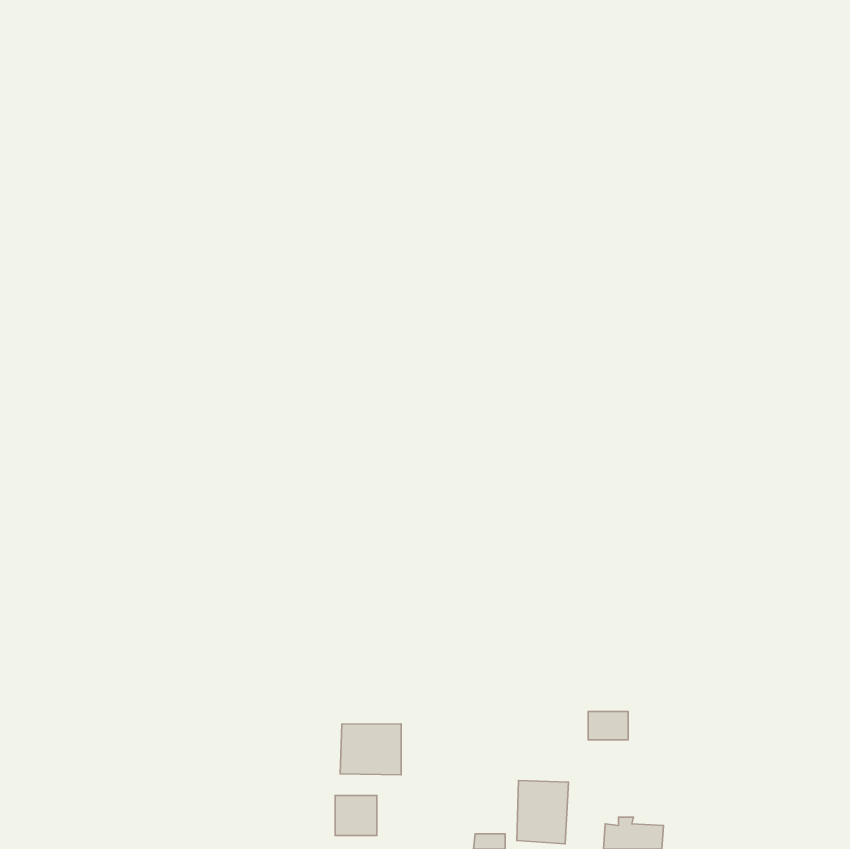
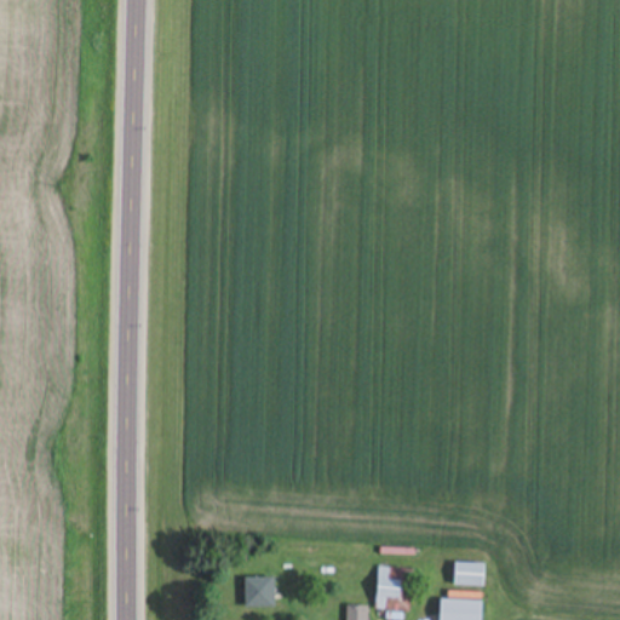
building: [588,712,628,740] -> [454,564,483,585]
building: [340,724,401,775] -> none

